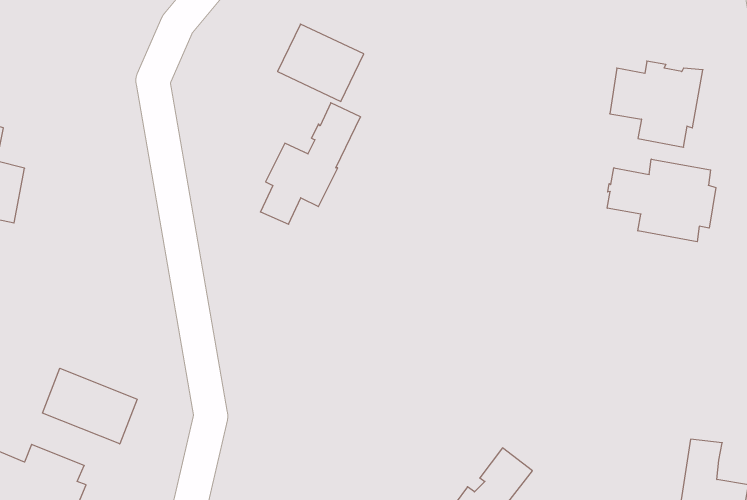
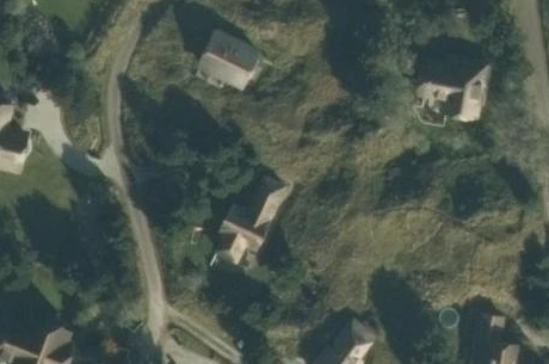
building: [260,103,361,224] -> [216,179,284,261]
building: [607,159,716,242] -> none
building: [43,368,137,444] -> none

